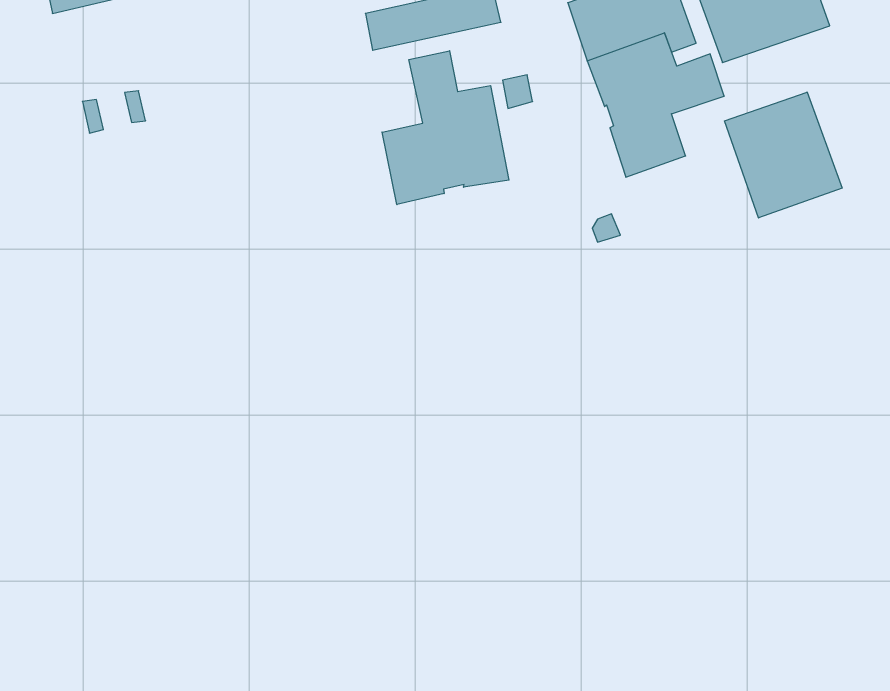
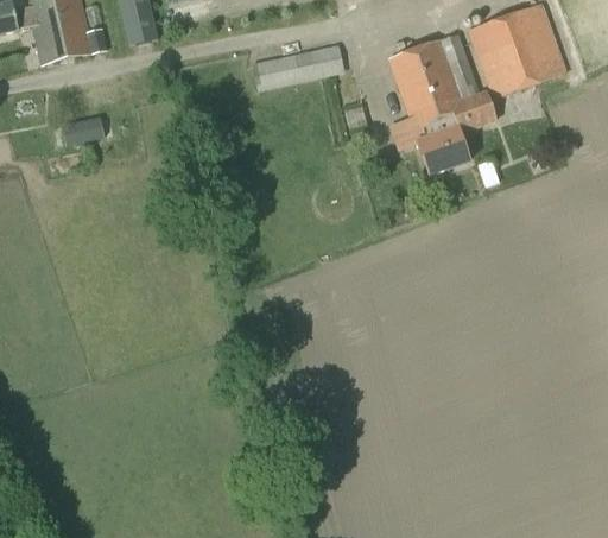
building: [382,51,509,205] -> none
building: [725,92,842,218] -> none

